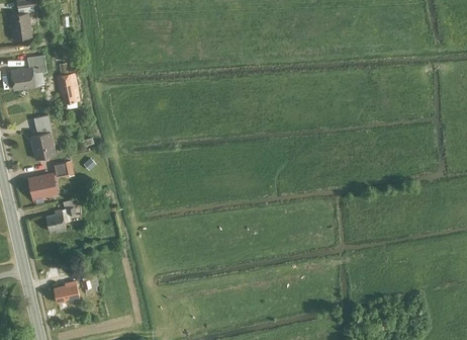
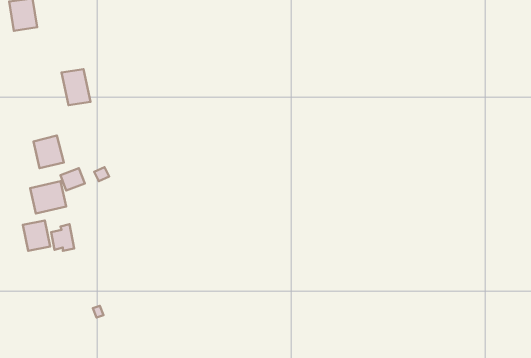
building: [10,54,45,90] -> none
building: none -> [23,221,50,251]
building: [54,279,80,303] -> none

